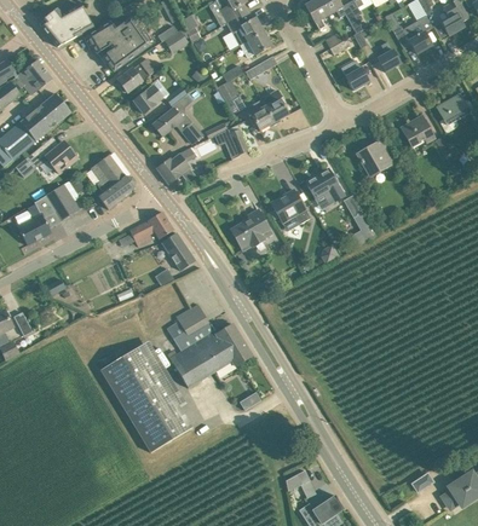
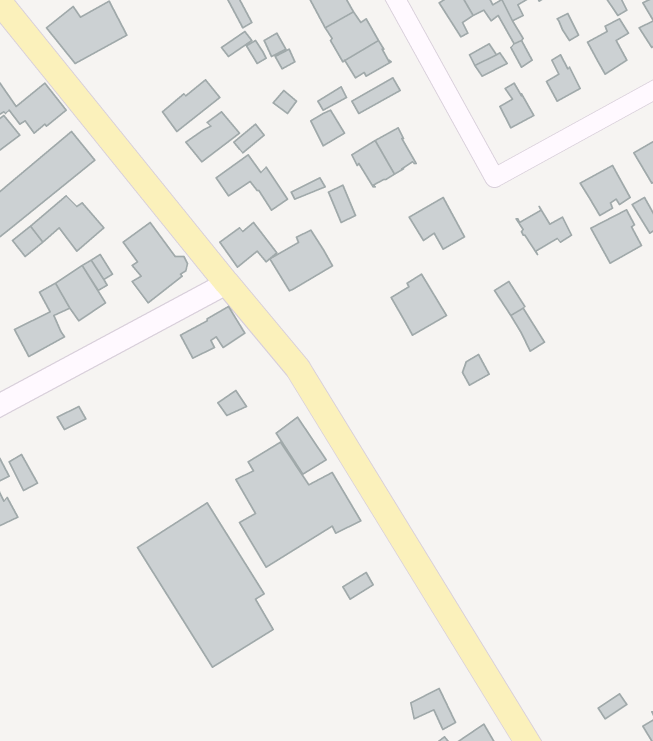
building: [86,17,151,70] -> none
building: none -> [591,210,642,263]
building: [306,168,344,203] -> [409,198,464,249]
building: [230,209,272,250] -> [270,230,332,291]
building: [162,231,196,270] -> [276,417,326,474]

